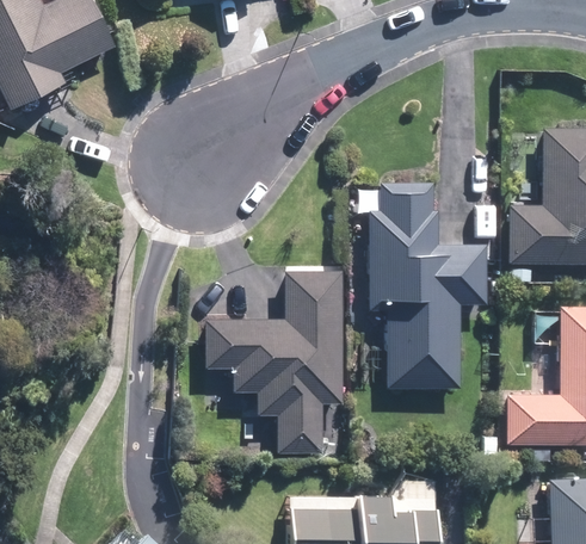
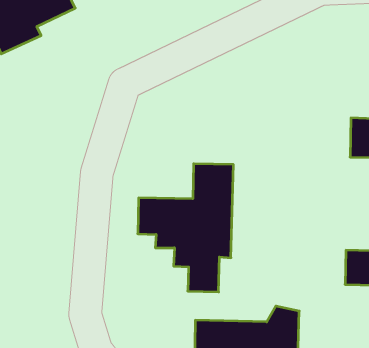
building: [366,184,483,389] -> none

